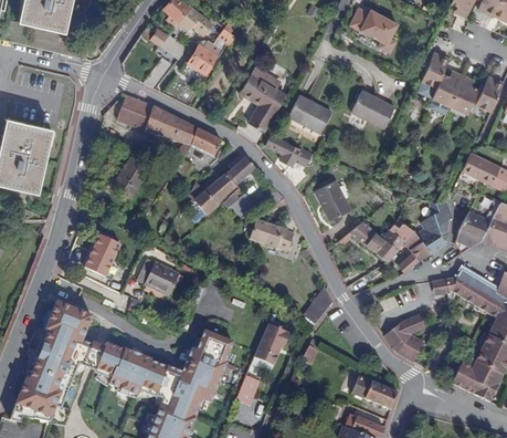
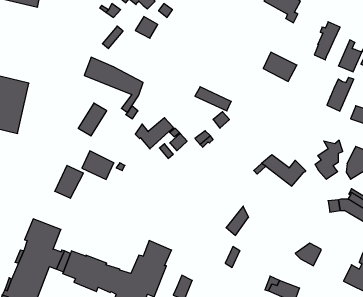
building: [427,72,462,115] -> [327,77,354,111]
building: [243,77,285,143] -> none
building: [288,94,331,133] -> none
building: [192,128,222,156] -> none
building: [225,153,256,186] -> none
building: [316,179,352,221] -> none
building: [392,219,432,272] -> none
building: [246,220,294,251] -> none
building: [138,259,179,295] -> [82,151,114,179]
building: [383,312,430,347] -> none
building: [255,324,291,366] -> none

